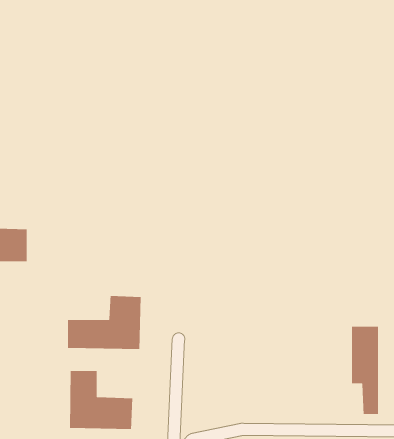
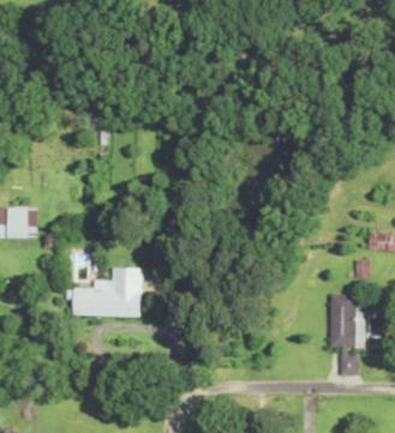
building: [69,370,133,430] -> none

